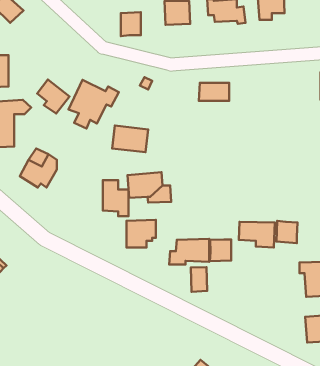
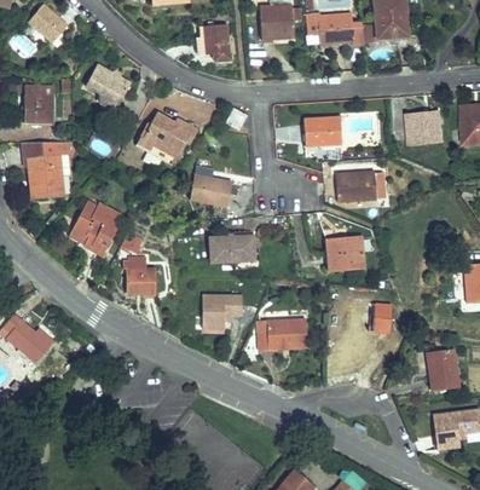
building: none -> [399,110,434,149]
building: [37,79,70,114] -> [91,68,132,111]
building: none -> [331,169,374,200]
building: none -> [325,238,364,271]
building: [103,180,129,216] -> [127,256,160,302]
building: [276,221,297,243] -> none
building: [210,239,231,261] -> none
building: [191,267,207,292] -> none

